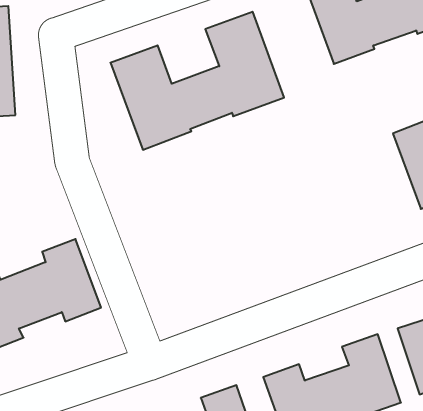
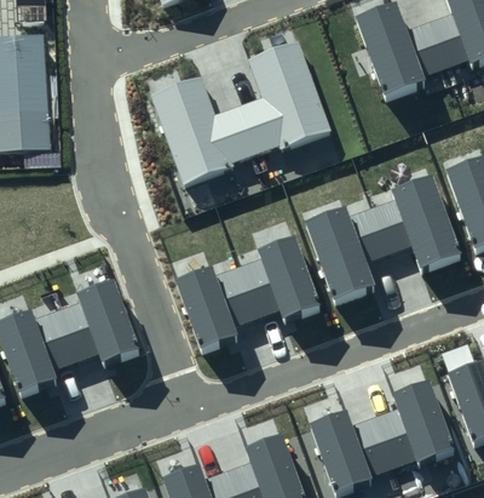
building: none -> [304,174,461,299]
building: none -> [174,235,321,353]

